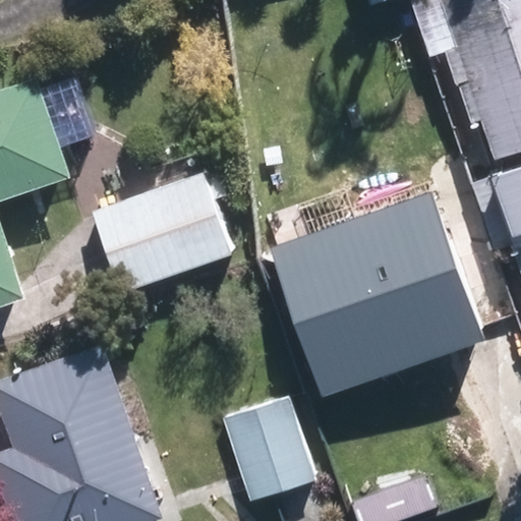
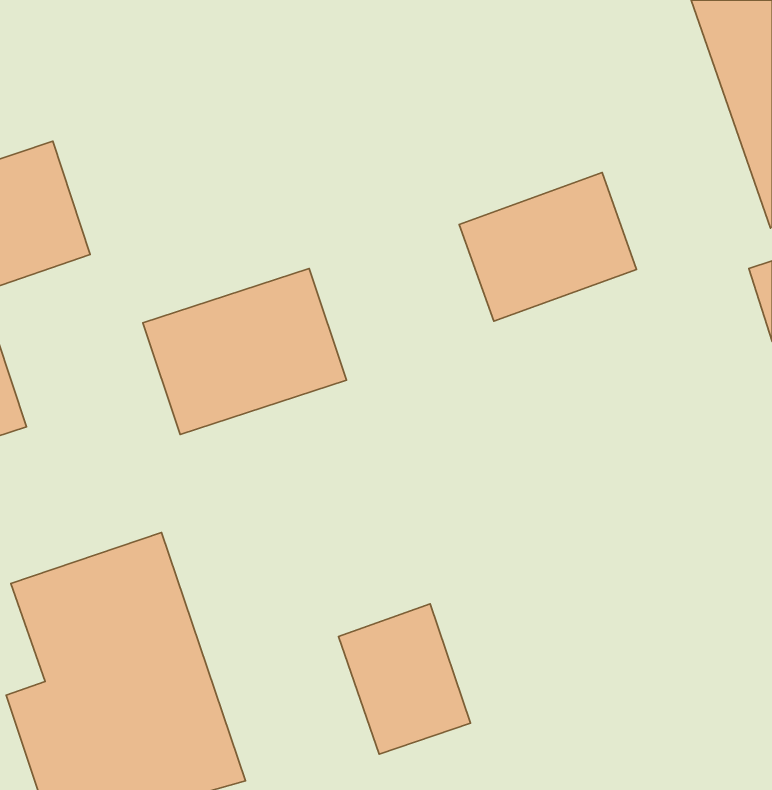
building: none -> [459,173,637,321]
building: [279,237,490,383] -> none

